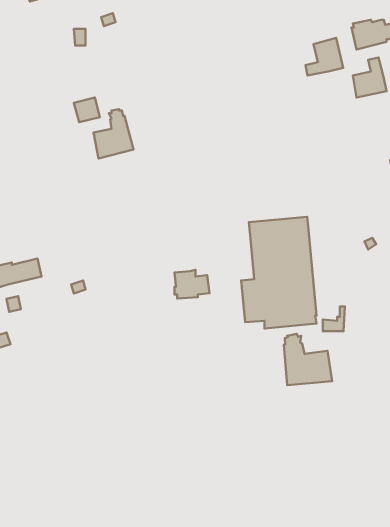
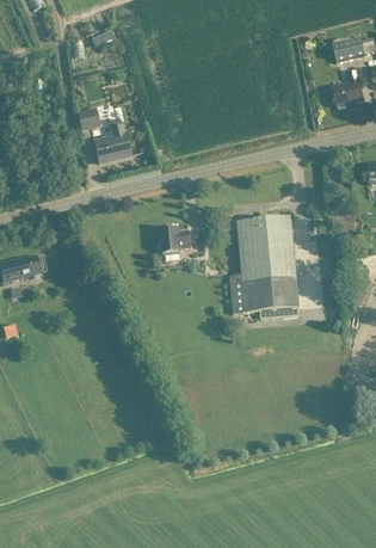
building: [305,38,343,76] -> none
building: [175,270,210,298] -> [159,226,191,252]
building: [284,334,332,385] -> none

